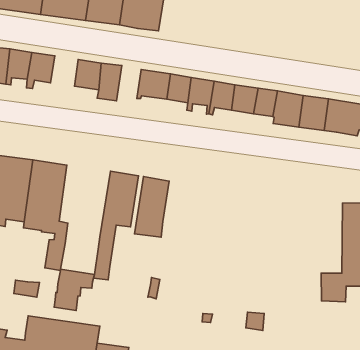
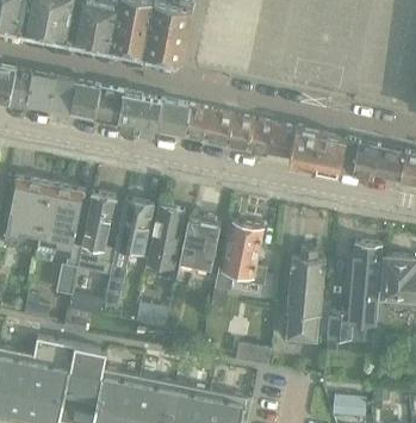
building: none -> [68,83,99,119]
building: none -> [135,97,161,136]
building: none -> [76,193,114,276]
building: none -> [174,216,219,286]
building: none -> [210,222,266,313]
building: none -> [285,249,324,343]

